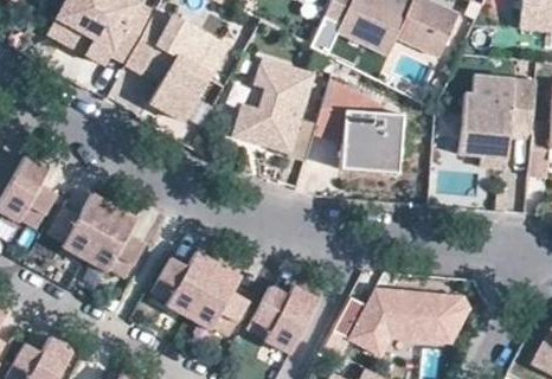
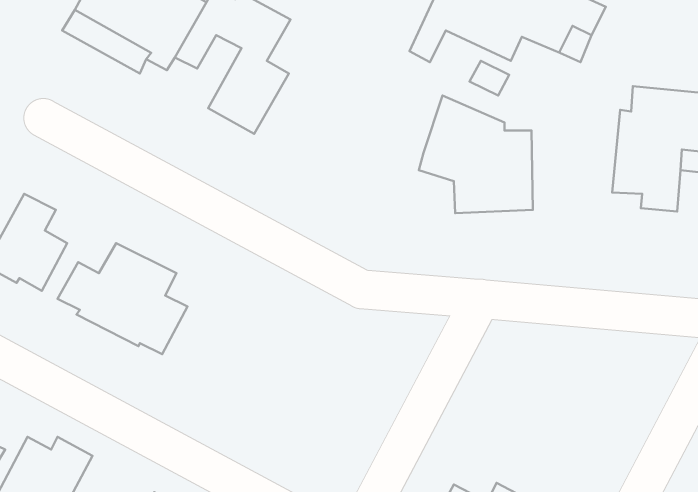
building: [236,58,319,162] -> none
building: [150,249,249,332] -> none
building: [246,282,316,351] -> none
building: [335,288,471,355] -> none

